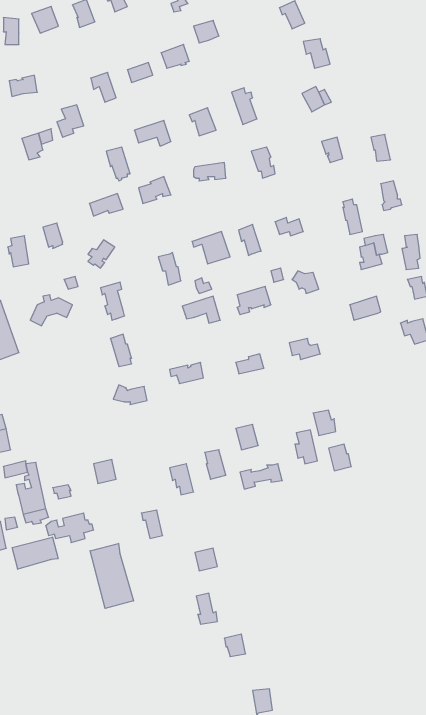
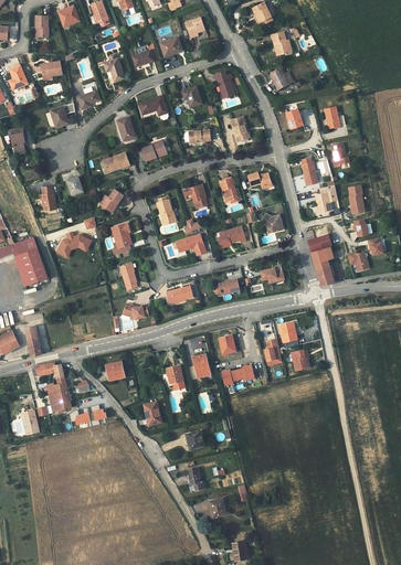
building: none -> [310,247,334,287]
building: [12,537,58,569] -> none
building: [90,543,134,608] -> none

